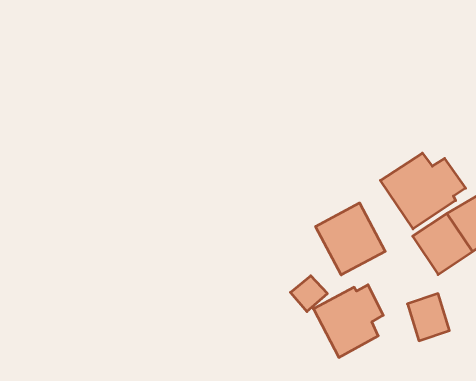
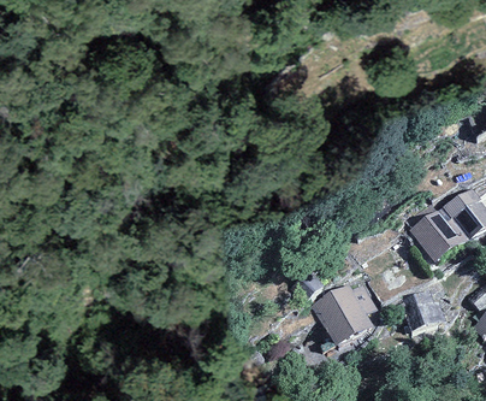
building: [380,153,466,229] -> none
building: [316,203,385,275] -> none

